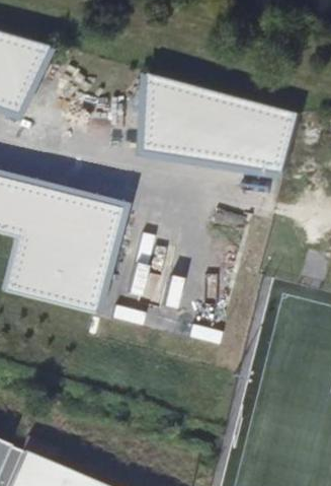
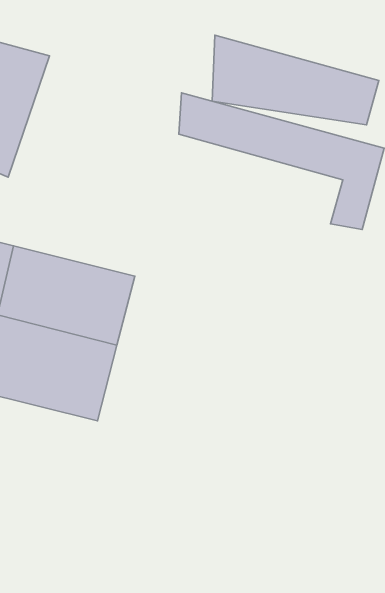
building: [145,100,267,166] -> [212,35,379,125]

